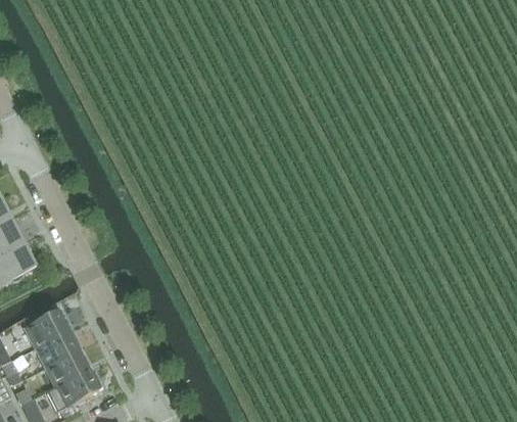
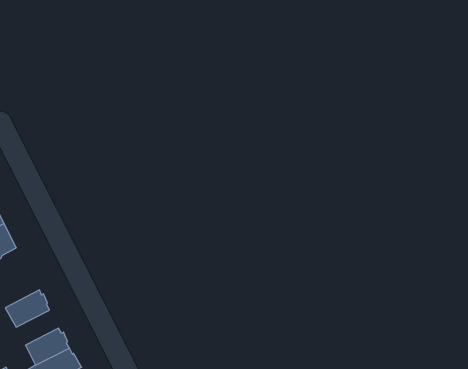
building: [36,330,79,366] -> none

